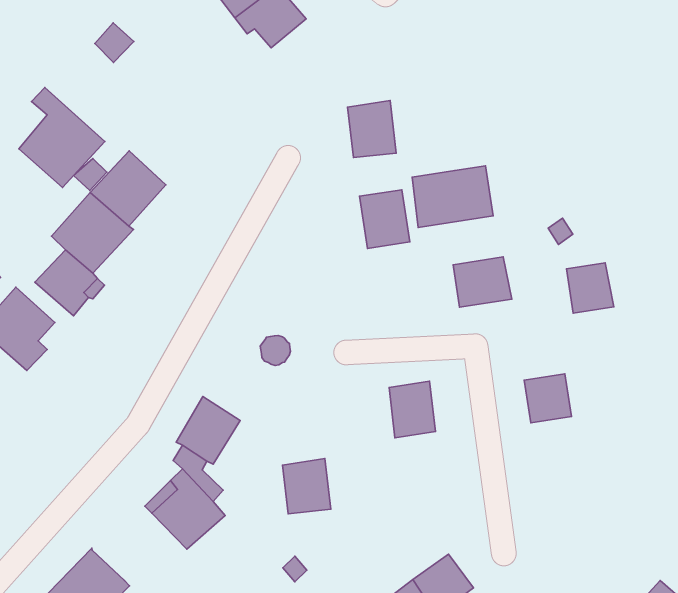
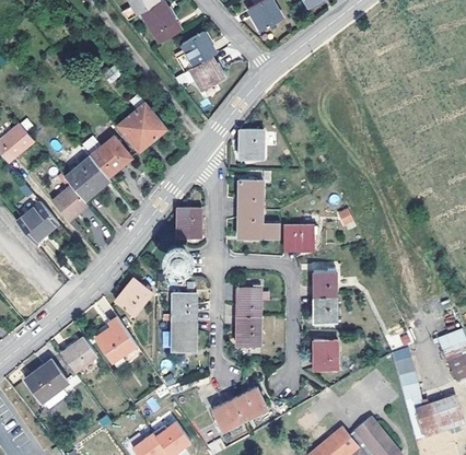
building: [19,87,105,188] -> [117,94,165,151]
building: [412,166,493,228] -> [236,210,279,238]
building: none -> [176,209,200,237]
building: [566,263,614,313] -> [313,271,336,296]
building: none -> [172,293,196,323]
building: none -> [235,317,259,345]
building: none -> [313,340,337,370]
building: none -> [59,337,96,373]

